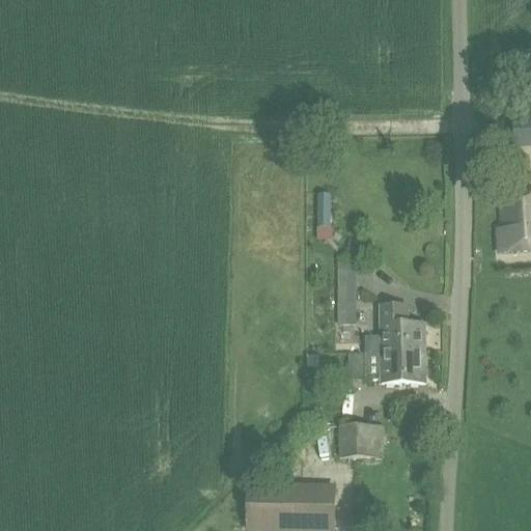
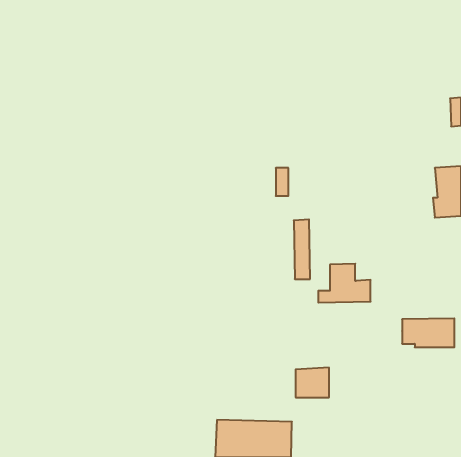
building: [365,346,425,380] -> [402,318,454,347]

